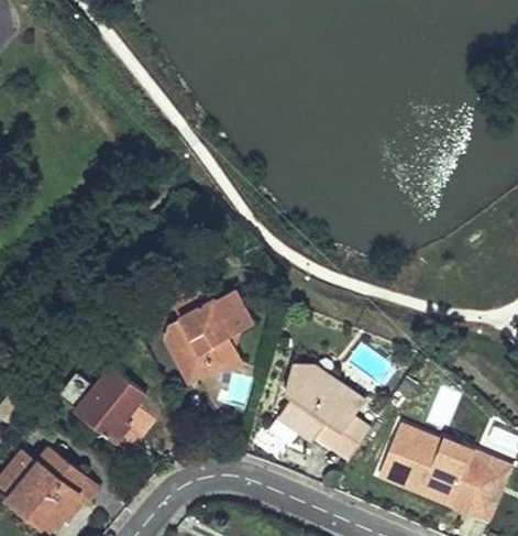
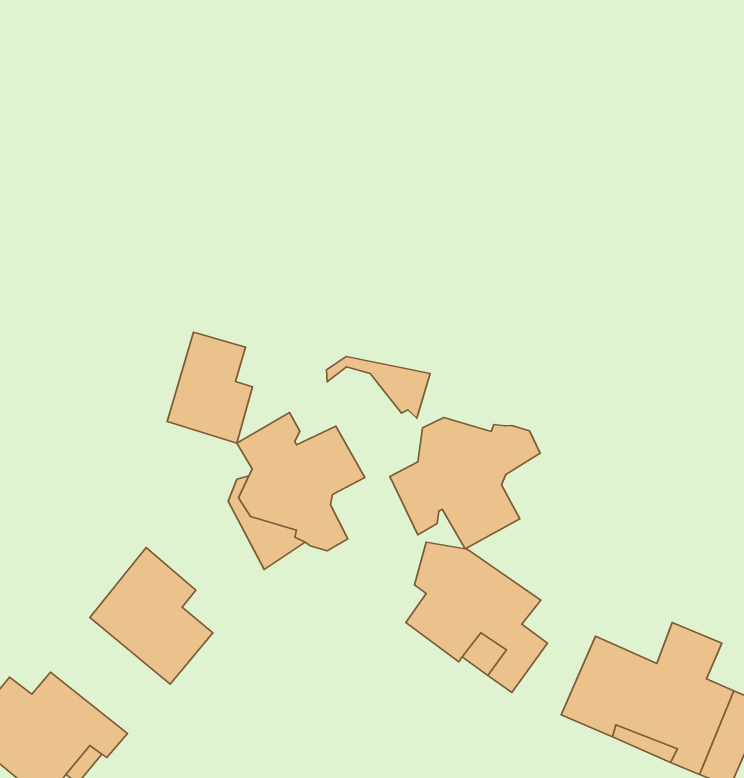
building: none -> [167,332,252,443]
building: none -> [326,357,430,418]
building: none -> [390,418,540,549]

